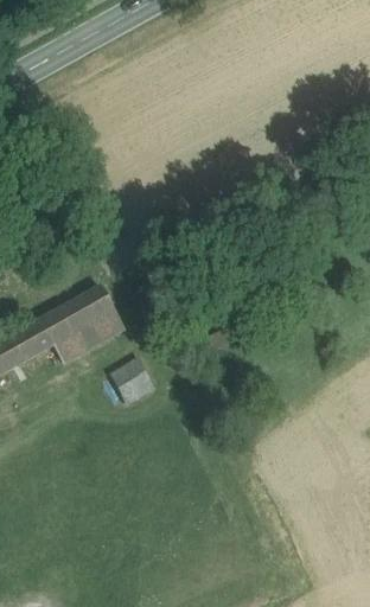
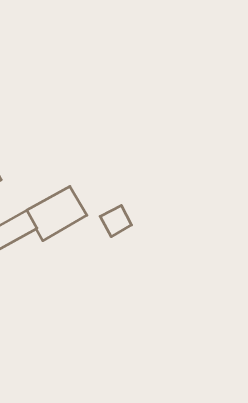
building: [110,358,154,402] -> [100,205,132,237]

